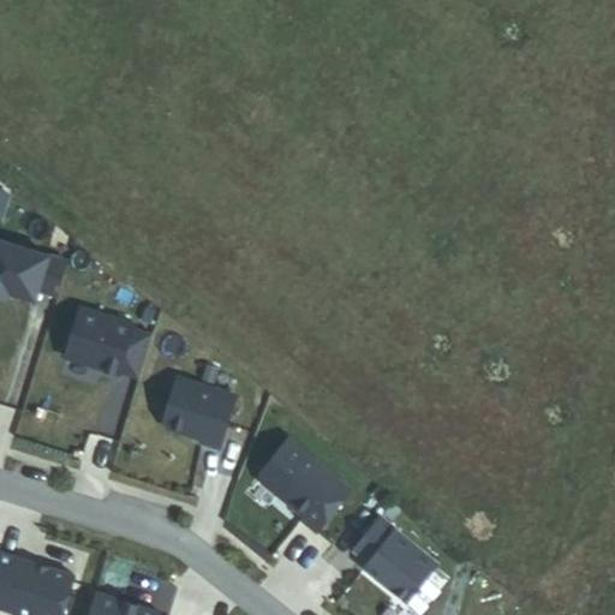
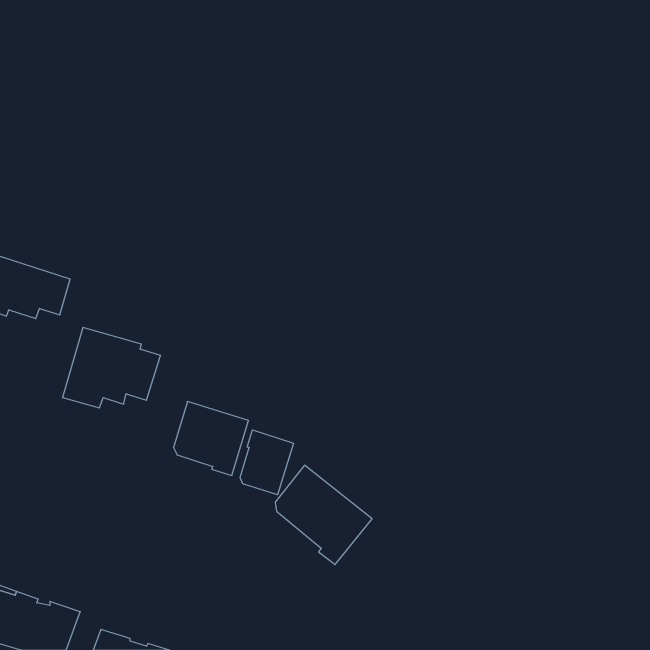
building: none -> [240,430,293,495]
building: [353,518,437,602] -> none

